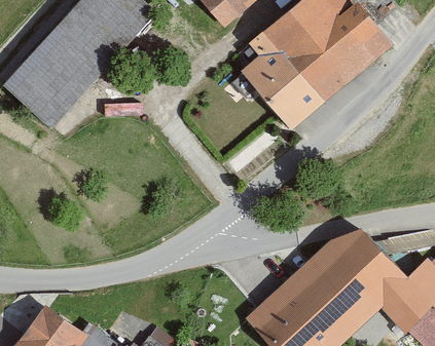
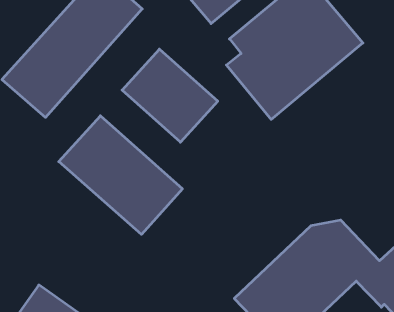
building: none -> [122,49,218,142]
building: none -> [59,116,182,234]

